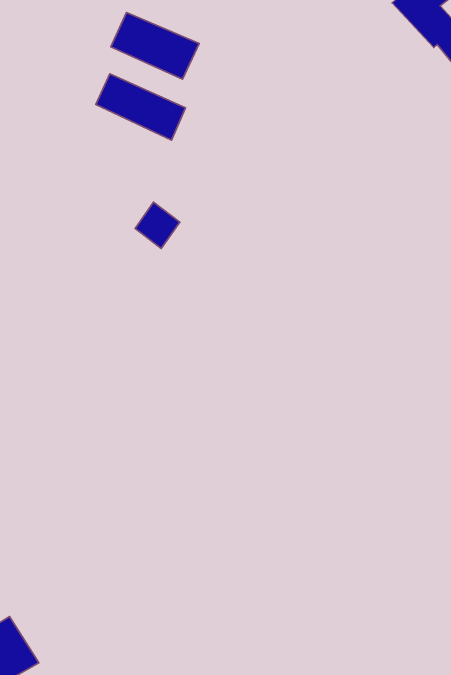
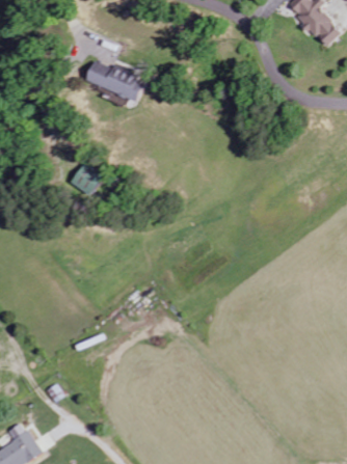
building: [111,13,199,79] -> none
building: [135,202,180,248] -> [73,163,103,194]

